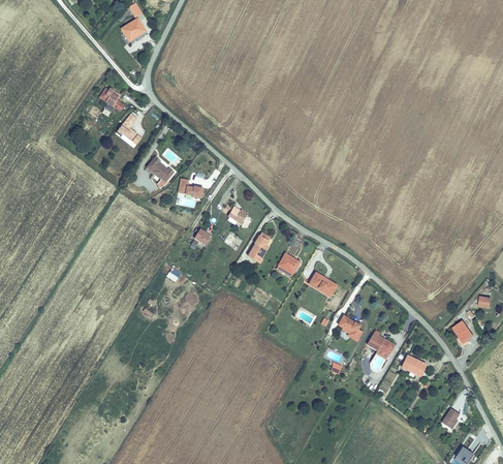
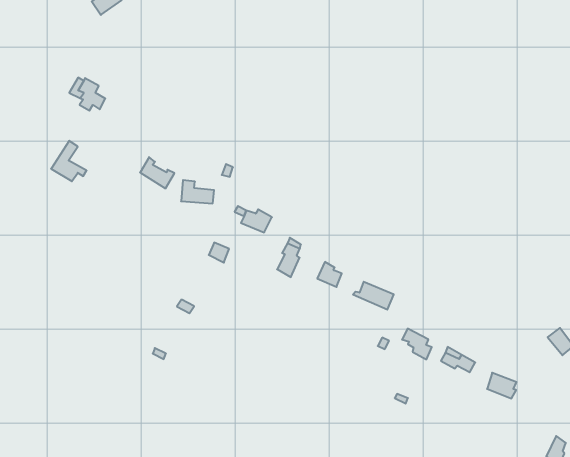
building: [115,113,143,145] -> [51,141,87,181]

